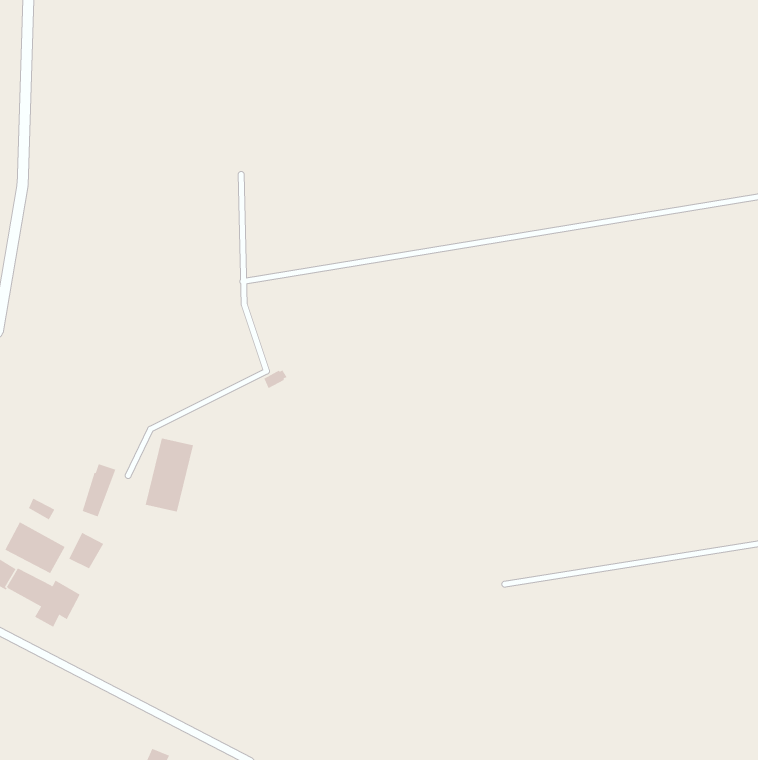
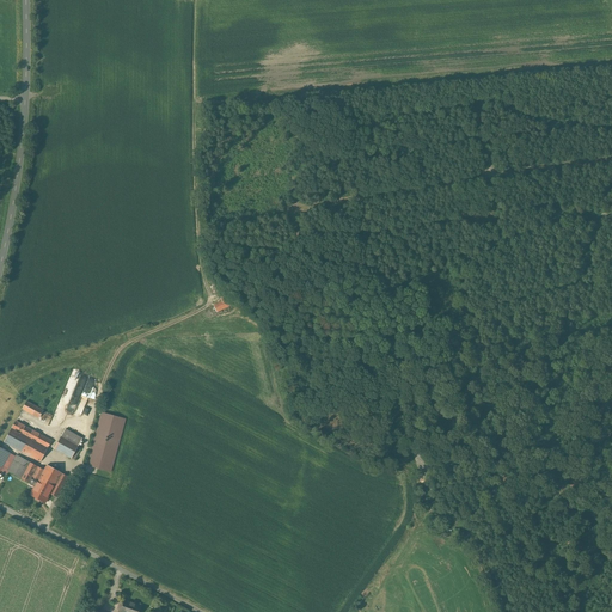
building: [145,438,194,512] -> [86,412,126,472]

